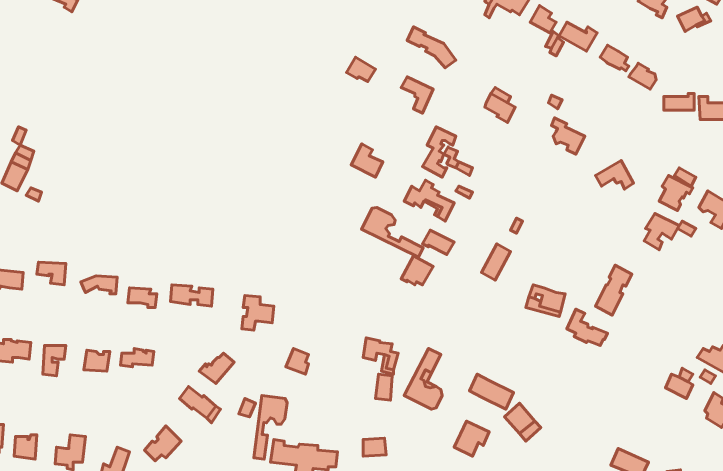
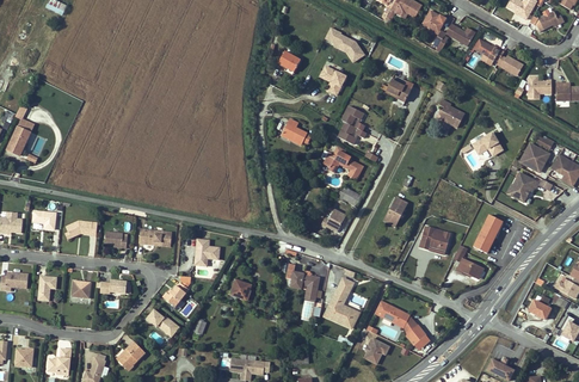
building: [362,208,423,257] -> none
building: [254,395,287,459] -> none

